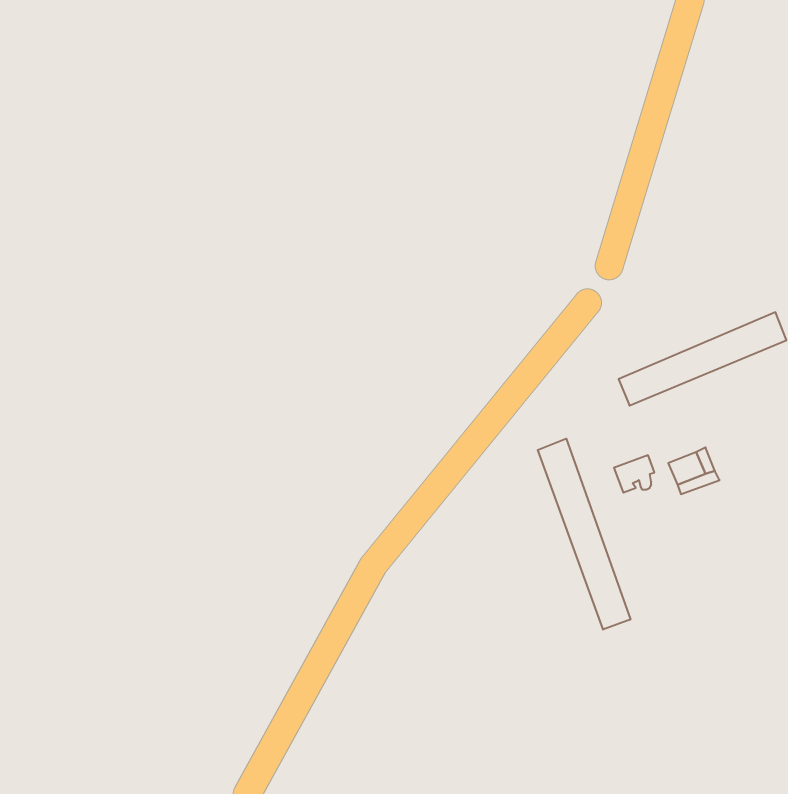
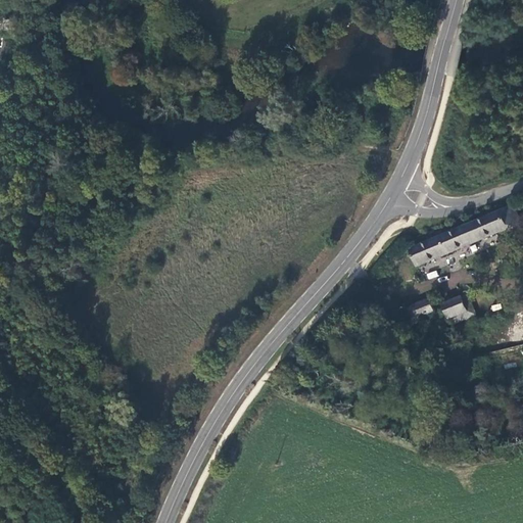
building: [538,439,630,630] -> none

